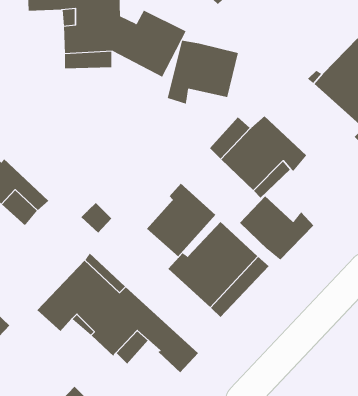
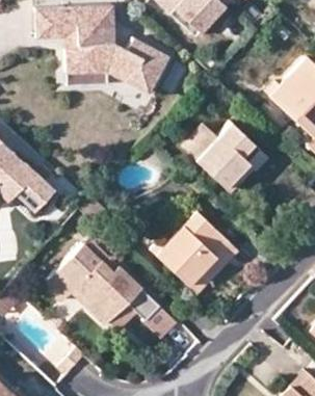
building: [167,40,238,105] -> none
building: [146,183,216,257] -> none
building: [239,196,314,261] -> none

